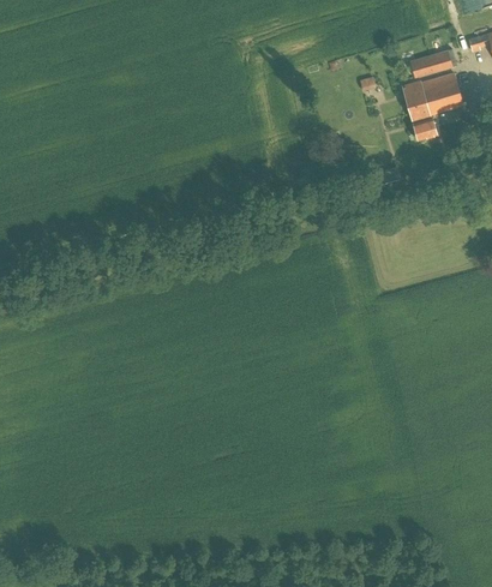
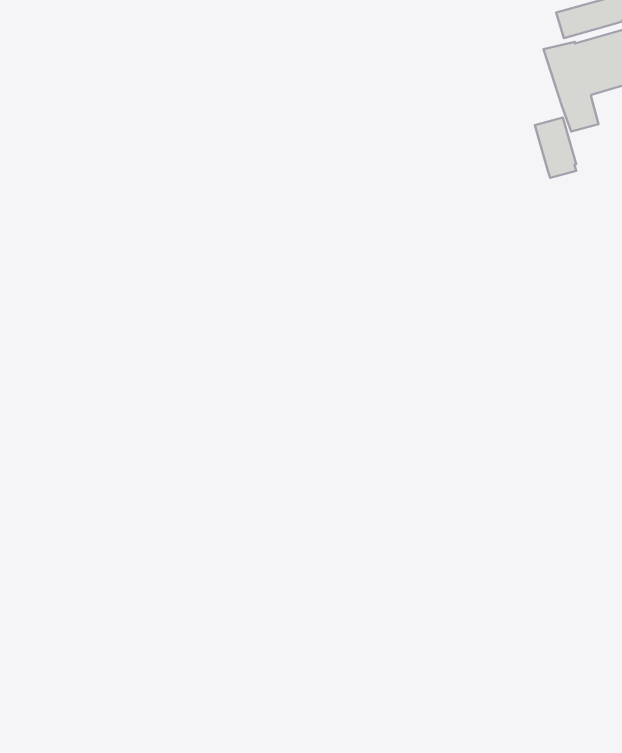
building: none -> [535,117,576,178]

